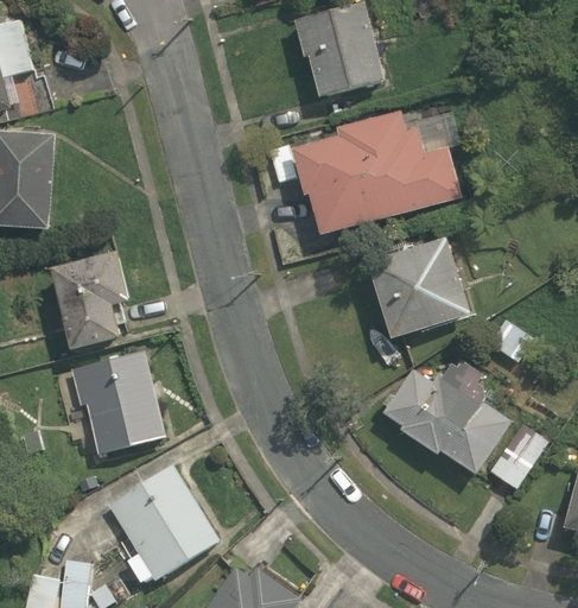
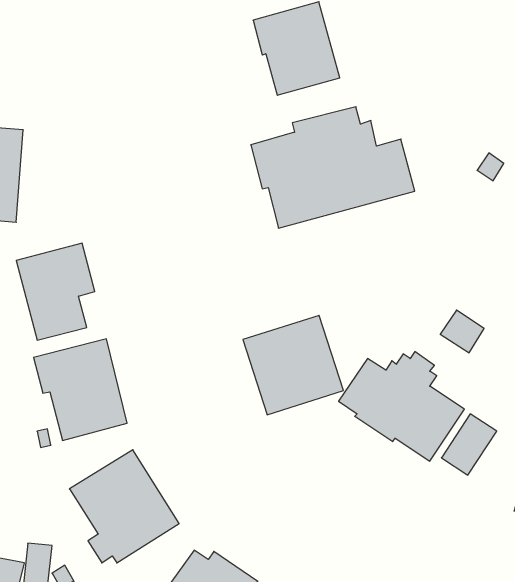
building: [367,236,470,338] -> [243,315,343,415]

